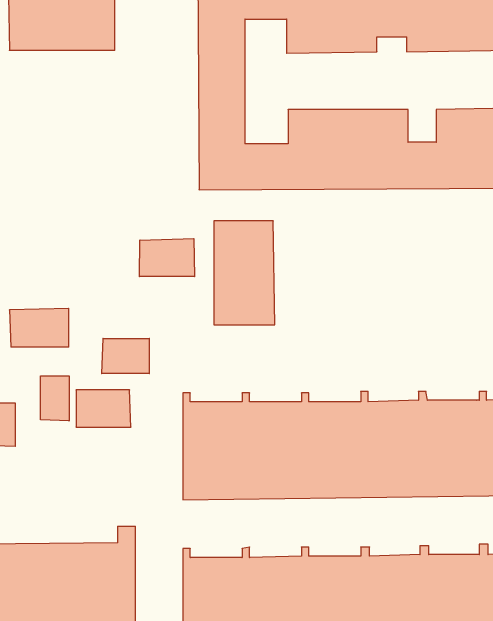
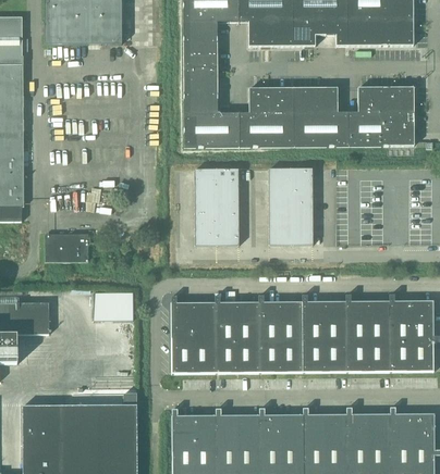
building: none -> [268,169,313,246]
building: [139,239,195,277] -> none
building: [102,338,149,374] -> none
building: [41,376,69,421] -> none

